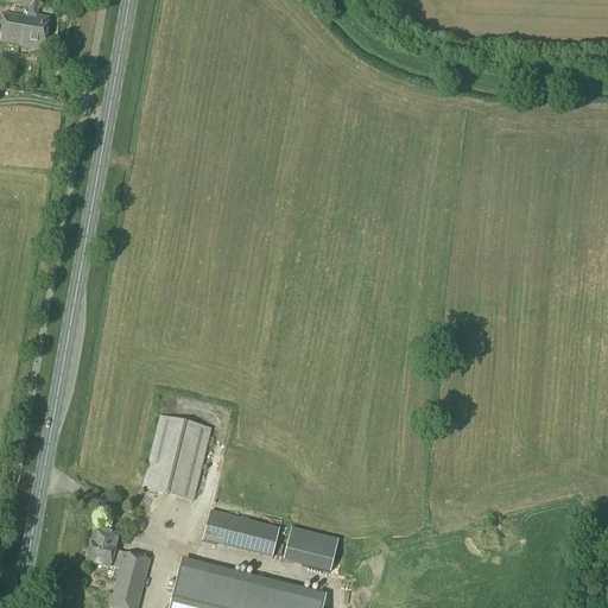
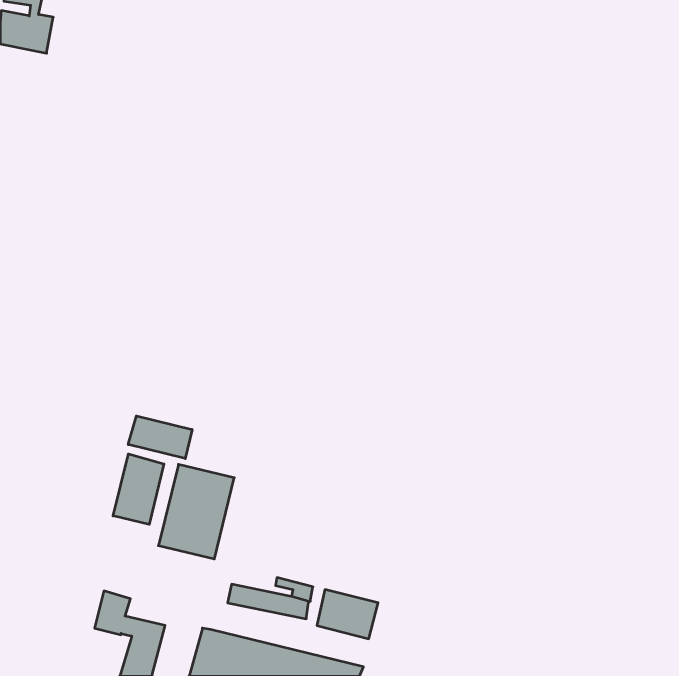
building: none -> [128,416,192,459]
building: none -> [113,454,164,524]

